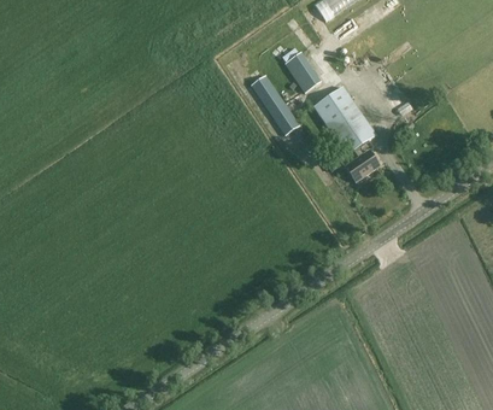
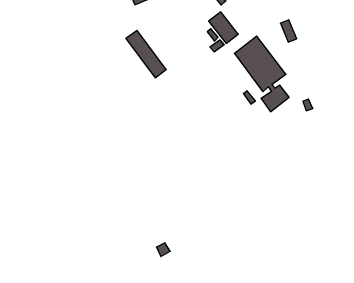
building: [251,74,299,134] -> [126,30,166,78]

